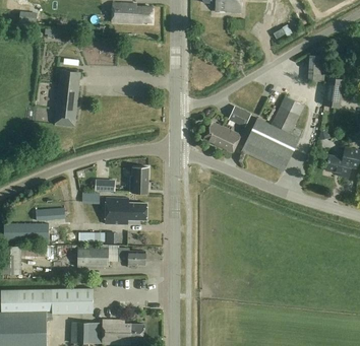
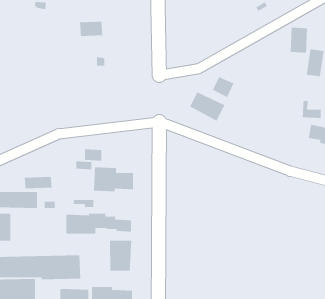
building: [55,71,78,127] -> none
building: [241,96,303,170] -> none
building: [129,167,148,194] -> none
building: none -> [109,240,132,272]

